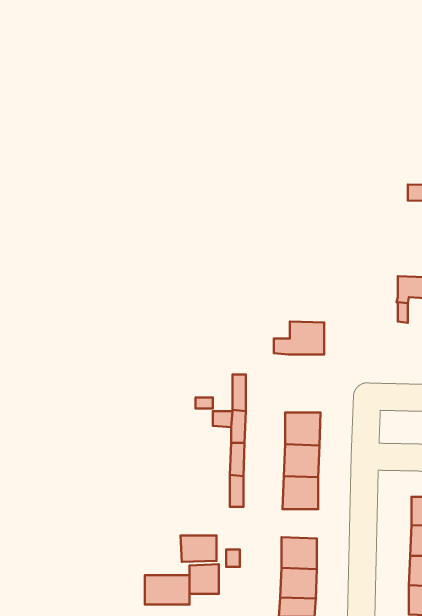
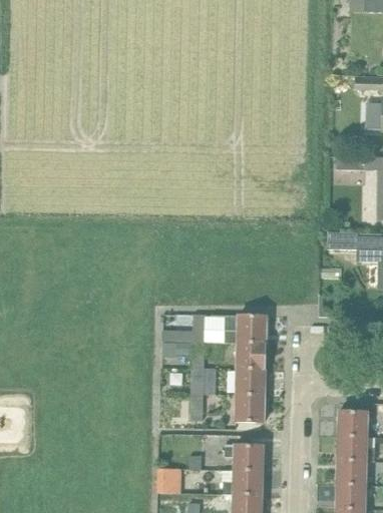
building: [274,321,324,354] -> [224,315,265,342]
building: [181,536,217,562] -> none
building: [145,575,189,604] -> none

